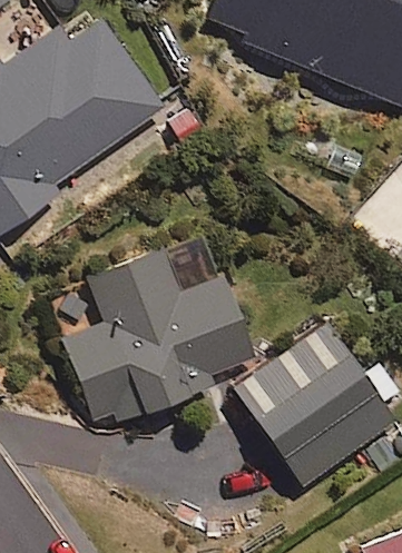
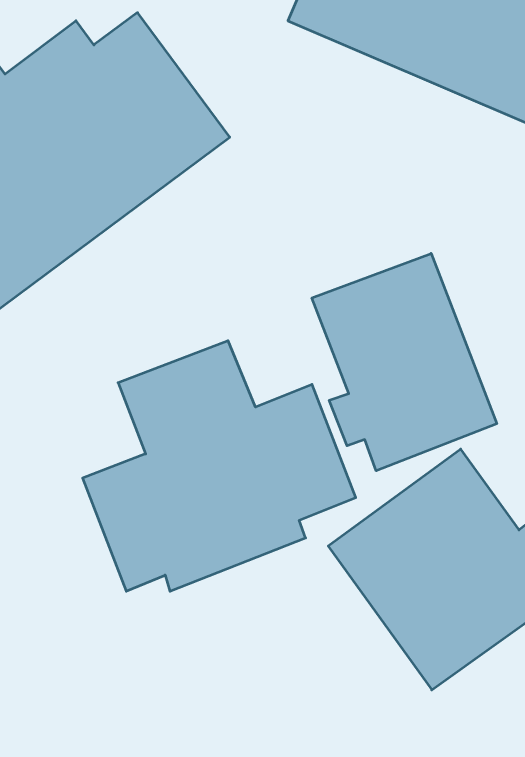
building: none -> [312,253,497,471]

